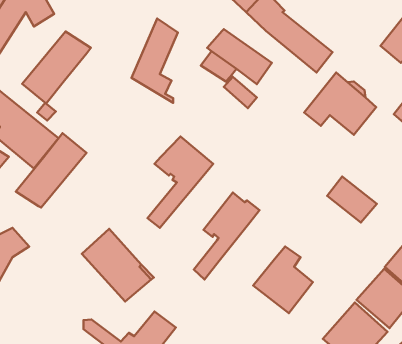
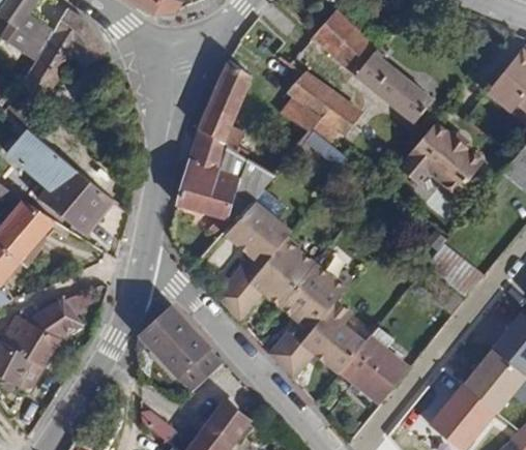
building: [22,32,91,104] -> none
building: none -> [176,129,274,221]
building: [16,133,87,208] -> none
building: none -> [229,236,316,317]
building: none -> [282,298,364,376]

